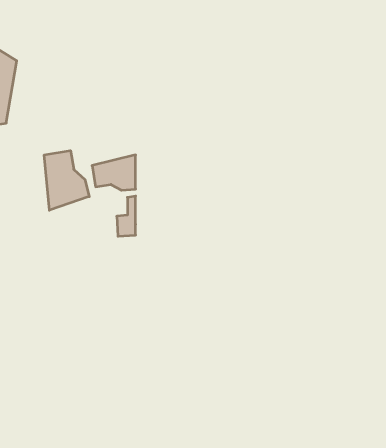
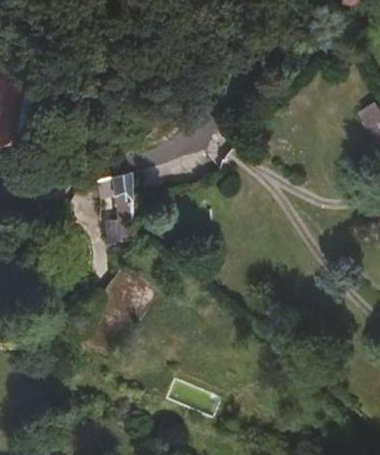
building: [44,151,89,210] -> none

